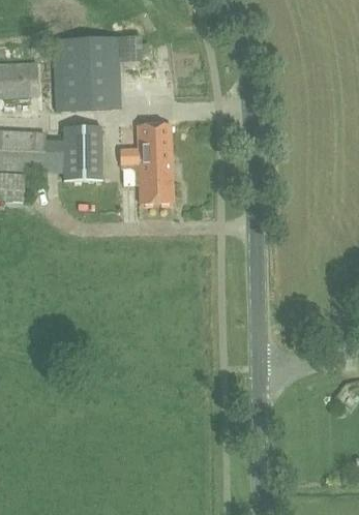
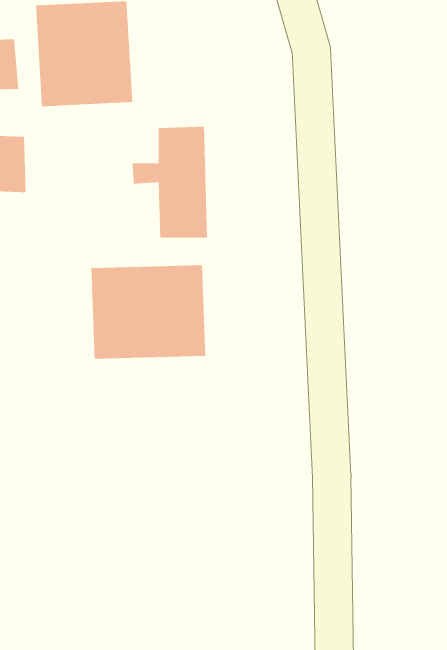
building: [62,124,102,181] -> none
building: none -> [91,264,206,360]

